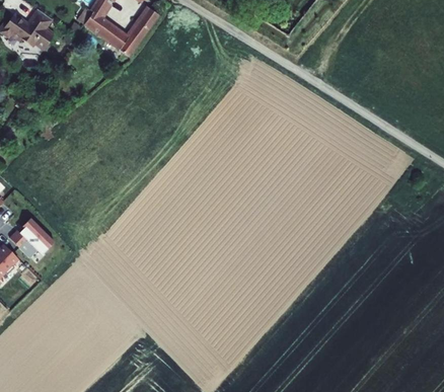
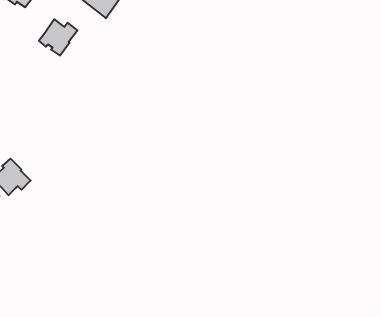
building: none -> [39,19,77,56]

